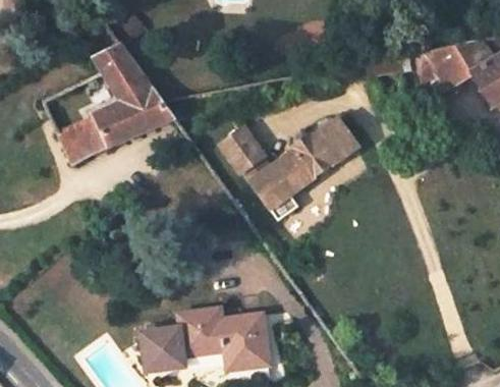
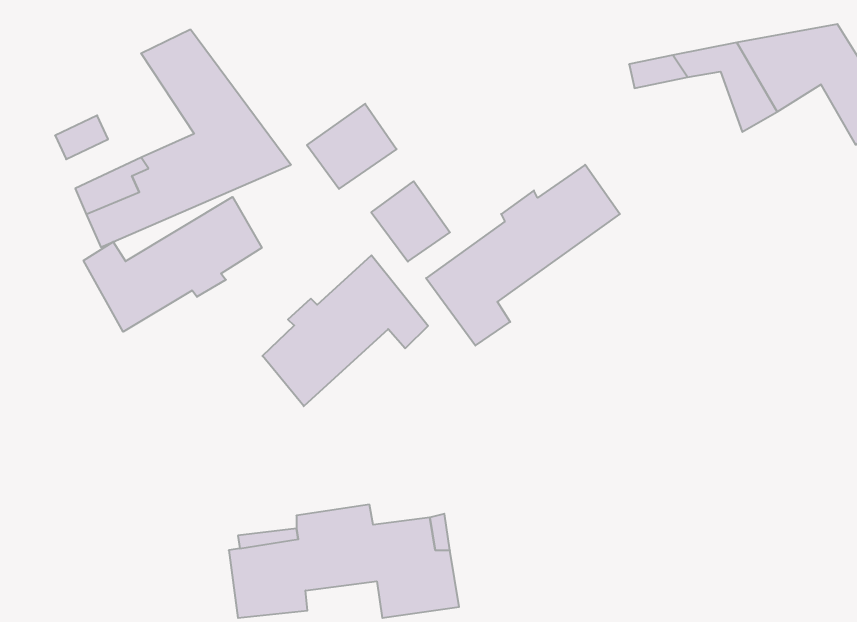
building: none -> [307,104,397,189]
building: none -> [84,197,262,332]
building: none -> [262,255,428,406]

